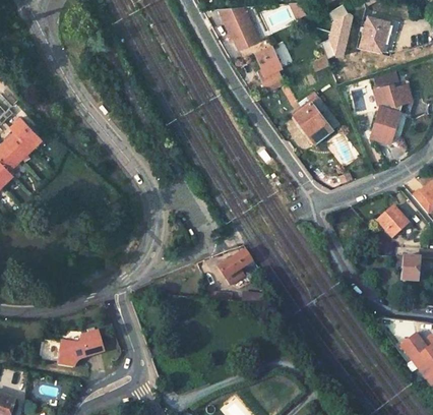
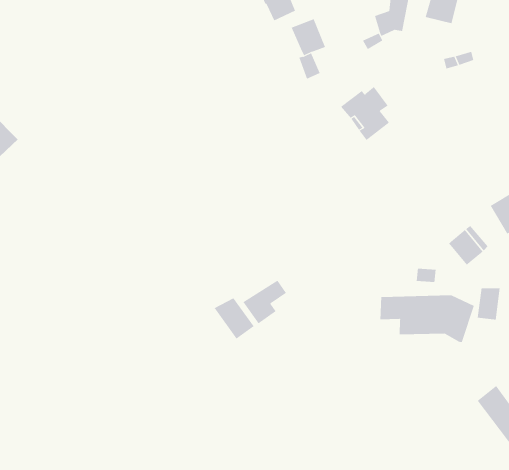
building: [371,82,412,141] -> none
building: none -> [380,295,475,343]
building: none -> [214,298,254,340]
building: [58,330,103,366] -> none

